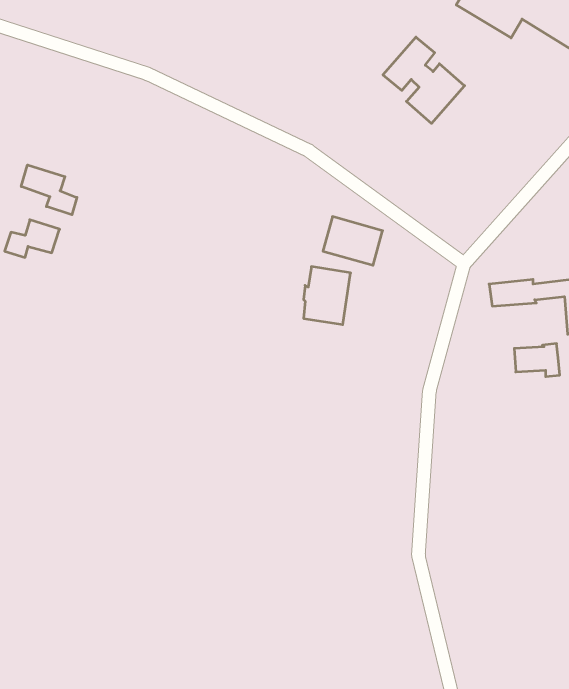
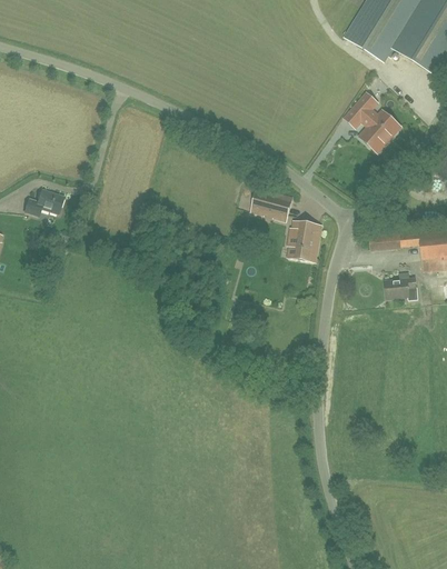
building: [383,37,465,123] -> [342,90,400,151]
building: [21,165,77,215] -> none
building: [304,267,351,325] -> [288,220,321,261]

